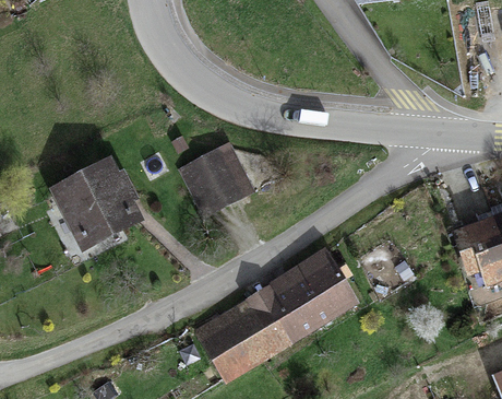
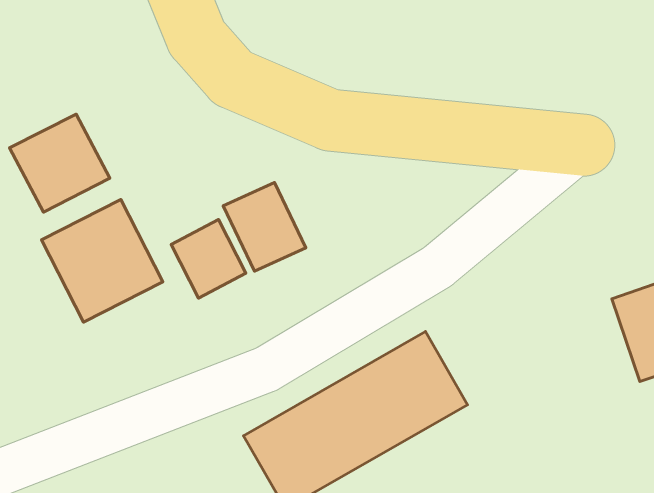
building: none -> [10,114,110,212]
building: none -> [171,219,246,298]

